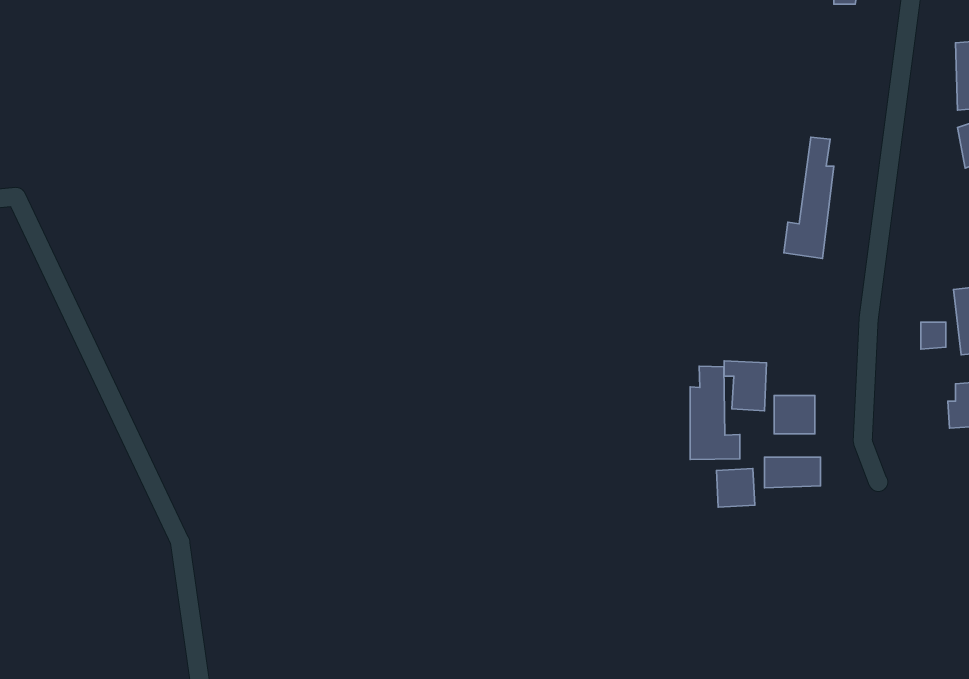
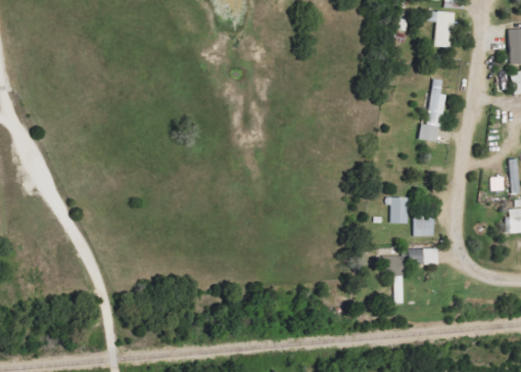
building: none -> [427,10,455,49]
building: [690,366,740,460] -> none

